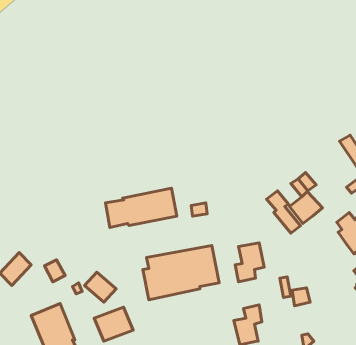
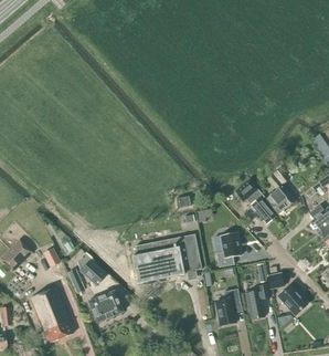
building: [105,188,177,228] -> none
building: none -> [276,284,308,316]
building: none -> [244,285,269,320]

